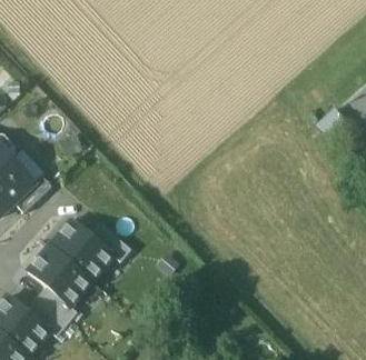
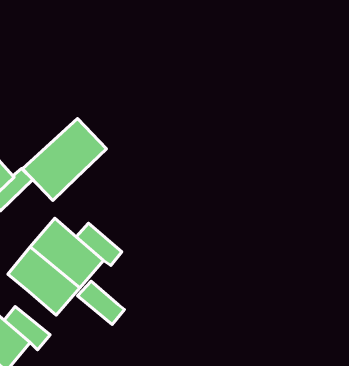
building: none -> [22,119,106,201]
building: [36,286,78,324] -> [77,281,125,325]

